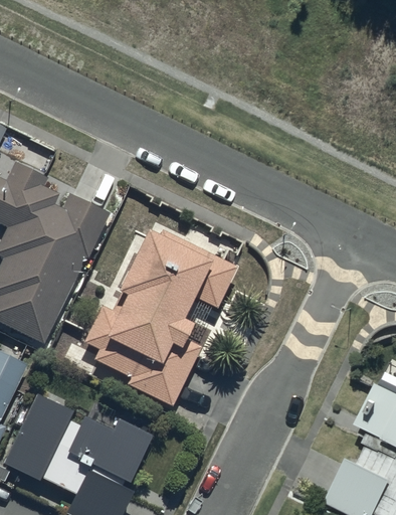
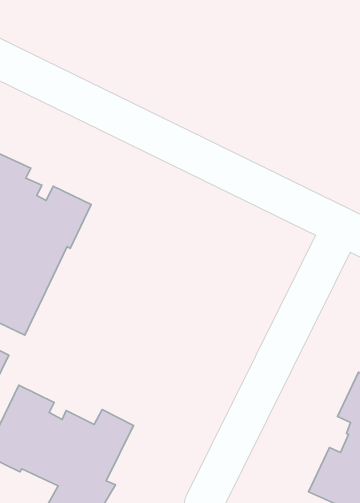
building: [81,227,237,406] -> none

